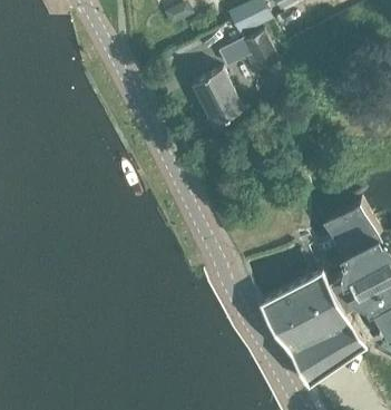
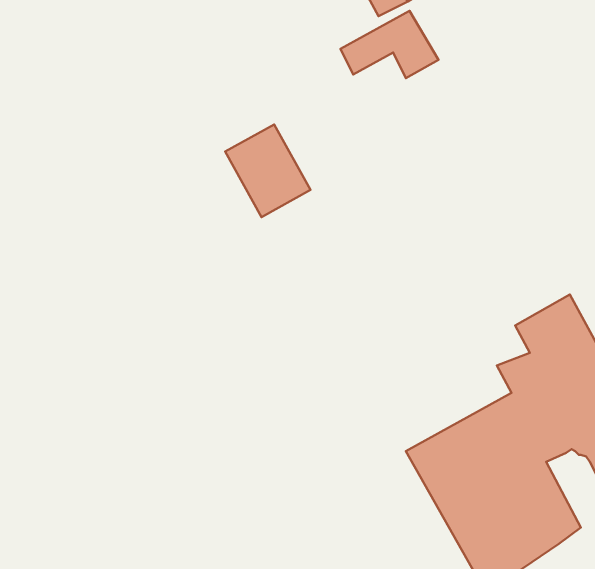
building: [192,68,244,125] -> [225,124,311,217]

